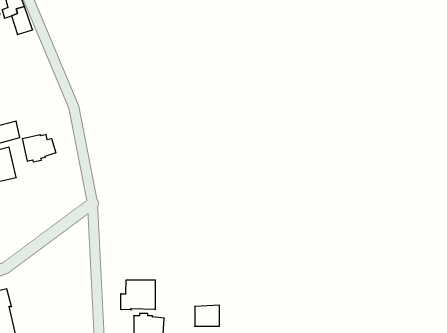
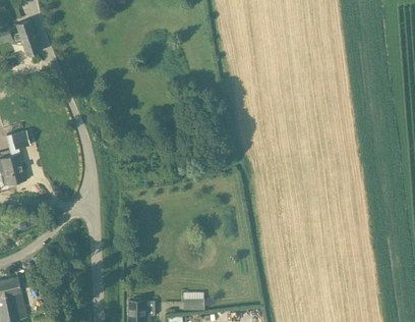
building: [22,134,56,162] -> none
building: [121,280,155,310] -> none

